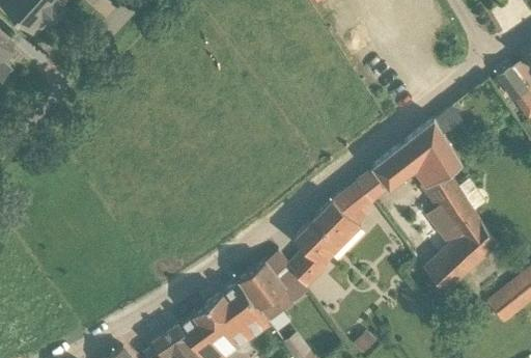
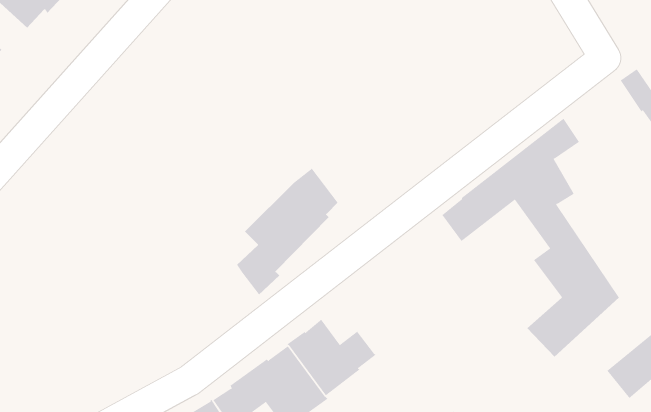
building: [287,190,367,290] -> [236,168,339,296]

